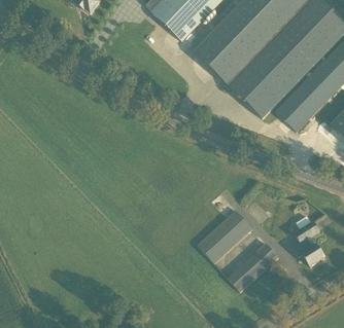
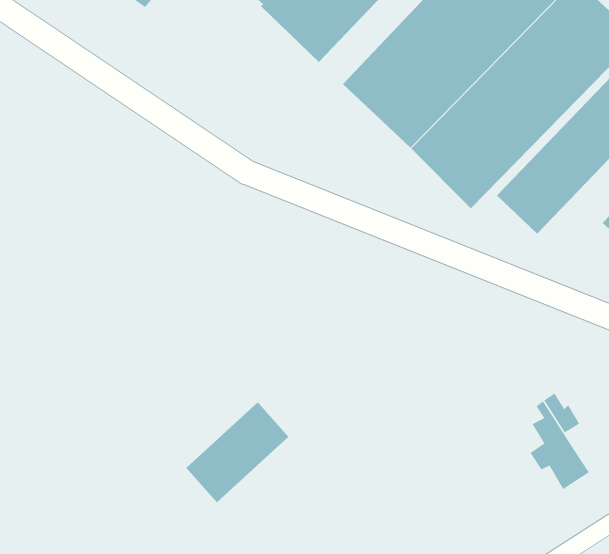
building: [198,209,252,262] -> [186,402,289,503]
building: [228,243,278,290] -> none

